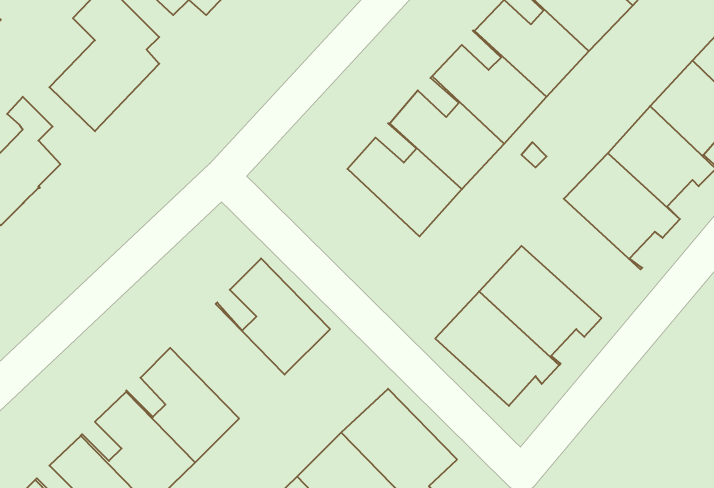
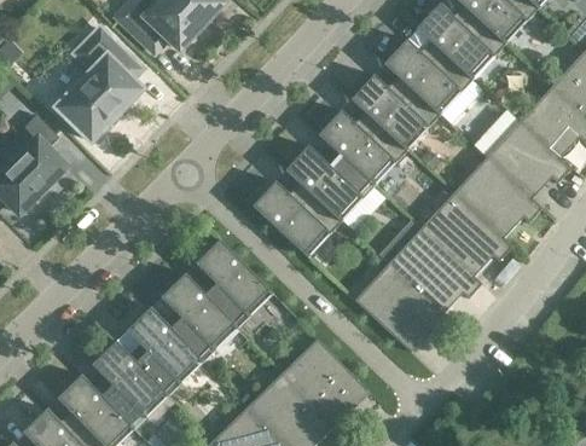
building: none -> [251,169,341,257]
building: none -> [419,192,511,284]
building: none -> [149,273,237,361]

